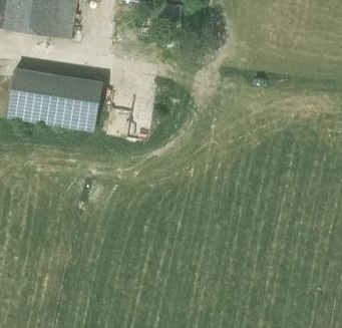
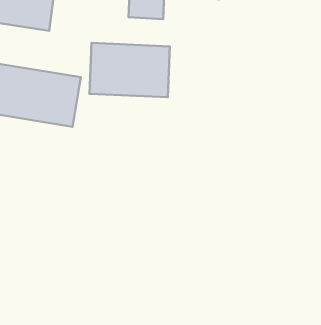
building: none -> [90,43,170,97]

